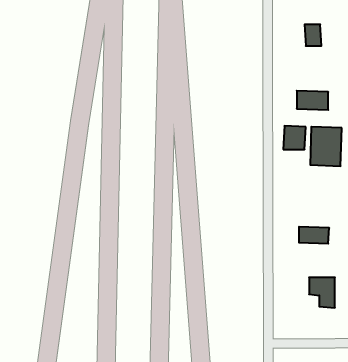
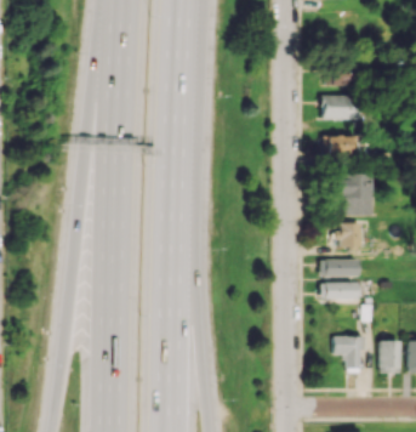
building: none -> [321,96,353,120]
building: [283,126,306,149] -> [336,222,360,248]
building: none -> [325,260,358,277]

